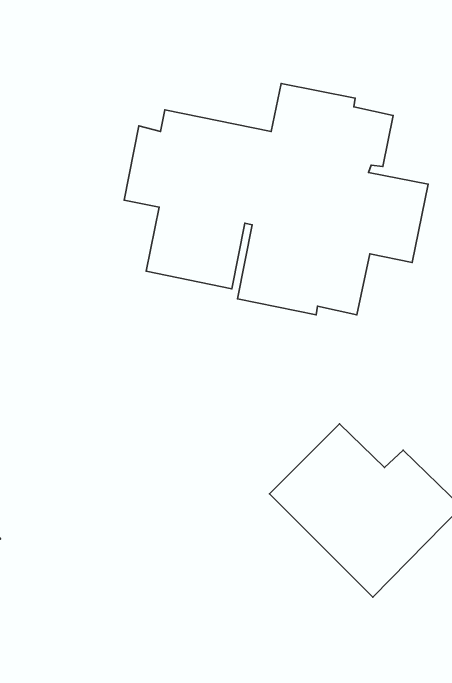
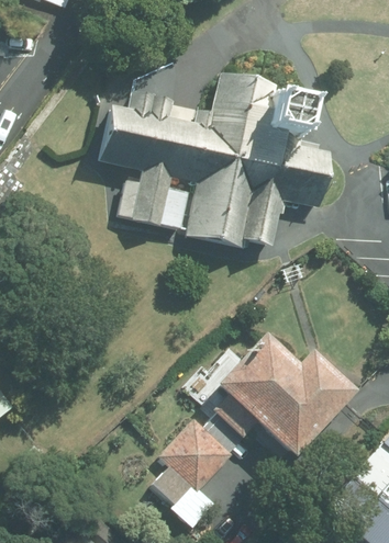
building: none -> [151,419,237,510]

